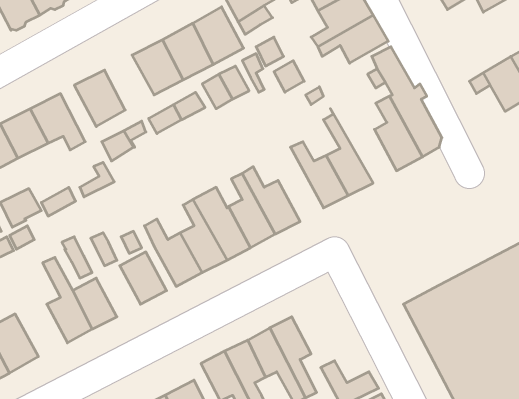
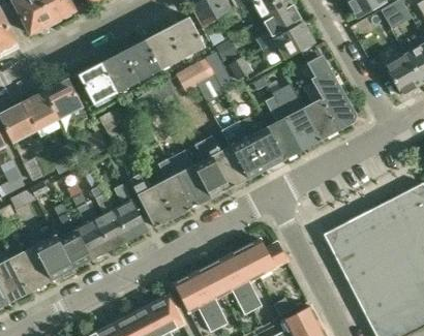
building: none -> [101,52,139,93]
building: none -> [271,83,321,148]
building: none -> [232,121,266,177]
building: none -> [95,210,128,248]
building: none -> [34,235,73,278]
building: none -> [242,239,285,276]

